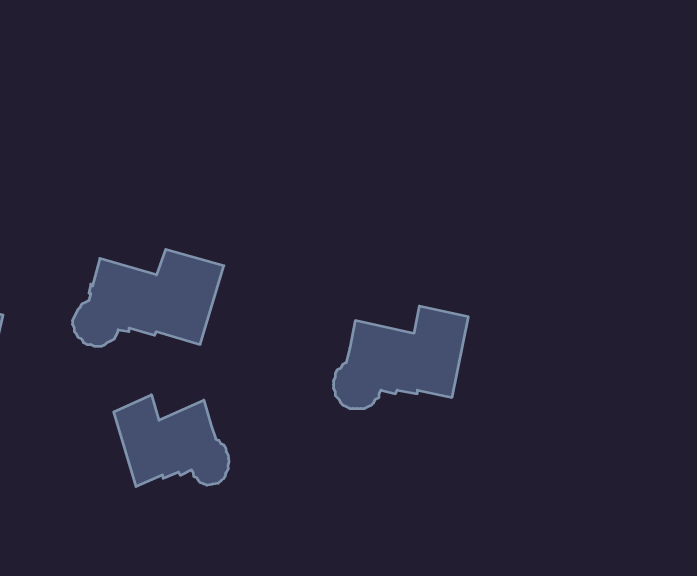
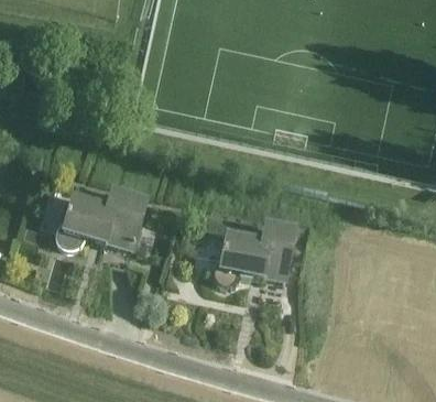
building: [114,395,229,487] -> none

